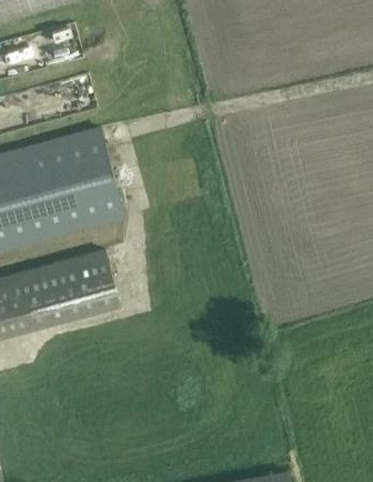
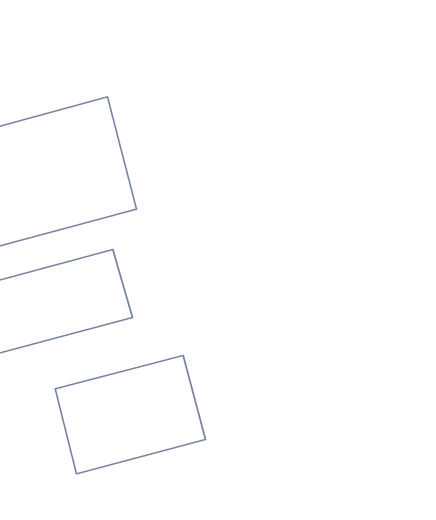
building: none -> [55,355,206,474]

